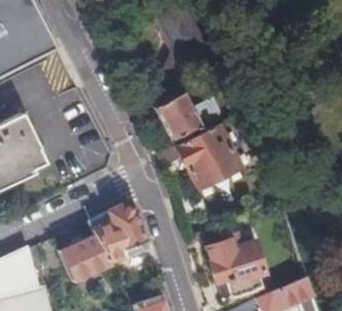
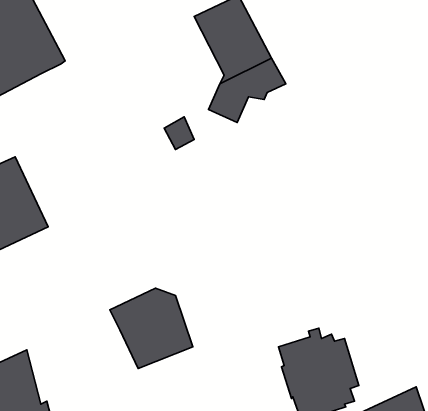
building: [155,92,221,140] -> none
building: [161,116,242,188] -> none
building: [58,235,109,283] -> none

